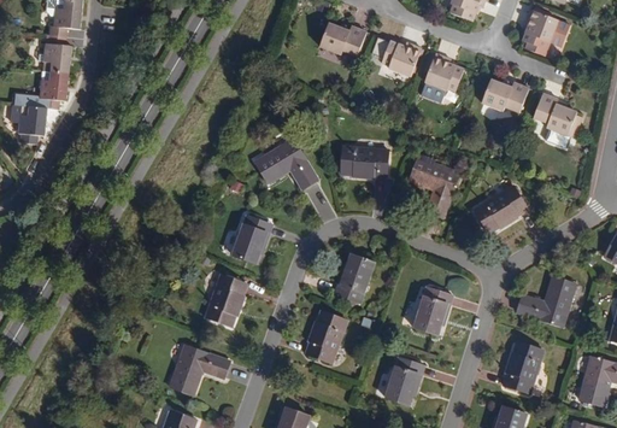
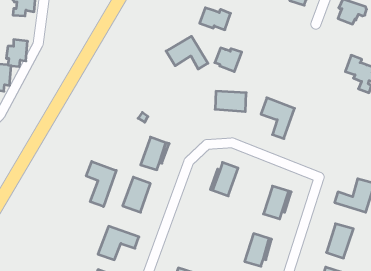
building: [33,34,67,72] -> none
building: [381,41,421,76] -> [215,48,242,72]
building: [424,53,463,90] -> none
building: [482,80,528,112] -> none
building: [254,139,316,187] -> [166,36,208,69]
building: [470,184,523,231] -> none
building: none -> [86,161,116,207]
building: [306,310,347,360] -> none

